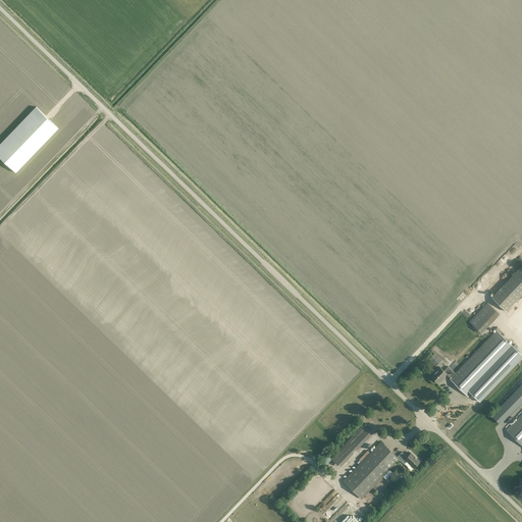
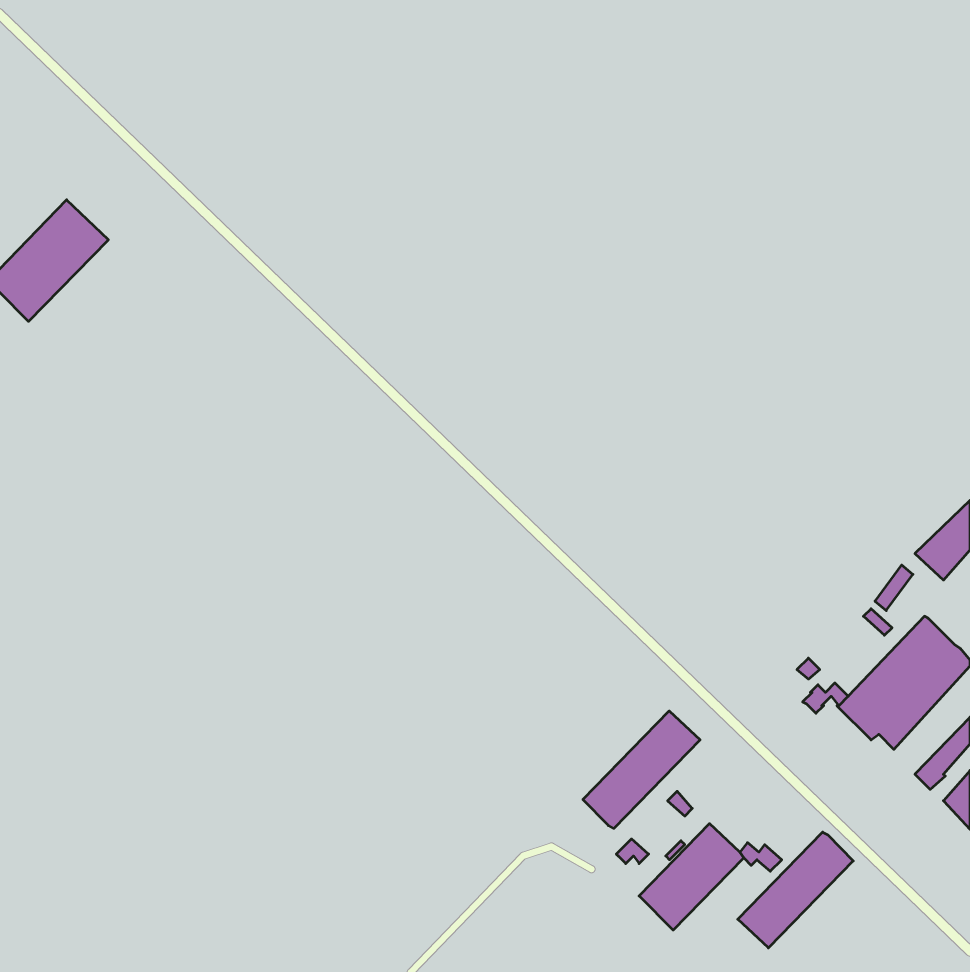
building: none -> [583,711,700,828]
building: none -> [738,832,853,948]

